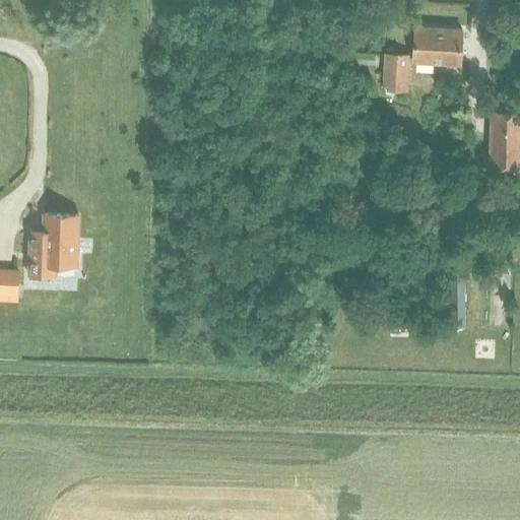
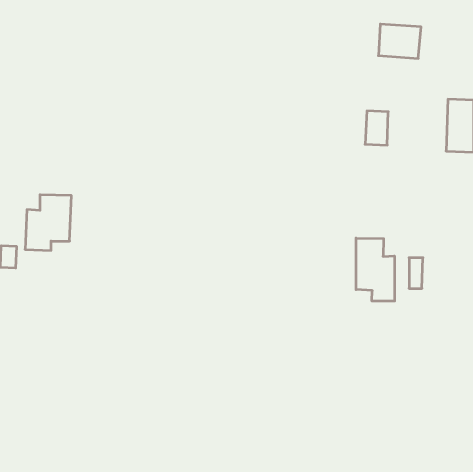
building: [384,56,409,93] -> [365,111,388,145]
building: none -> [356,238,395,301]

